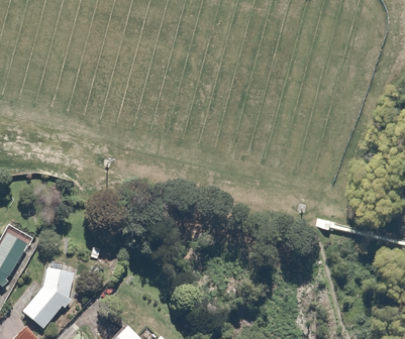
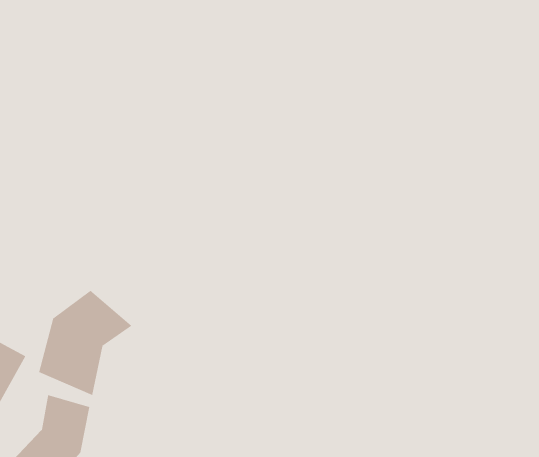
building: none -> [38,290,132,396]

